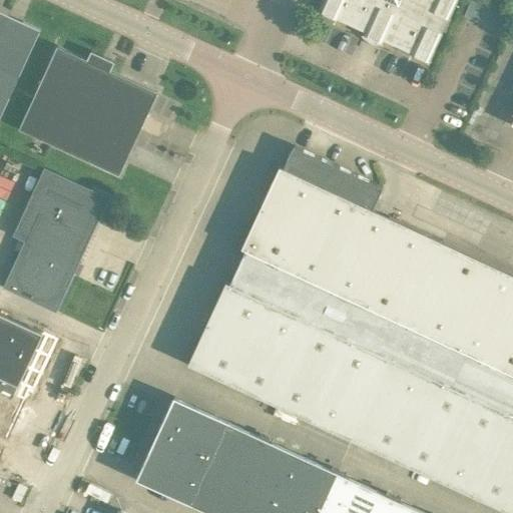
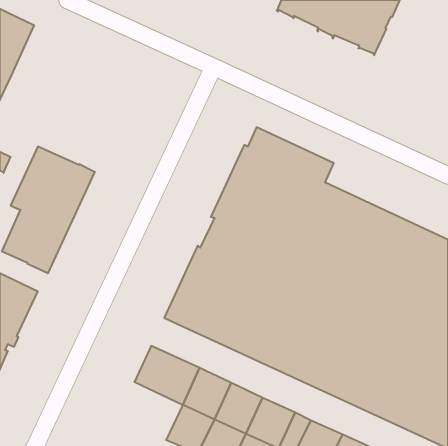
building: [17,48,156,177] -> none
building: [134,439,208,505] -> none

